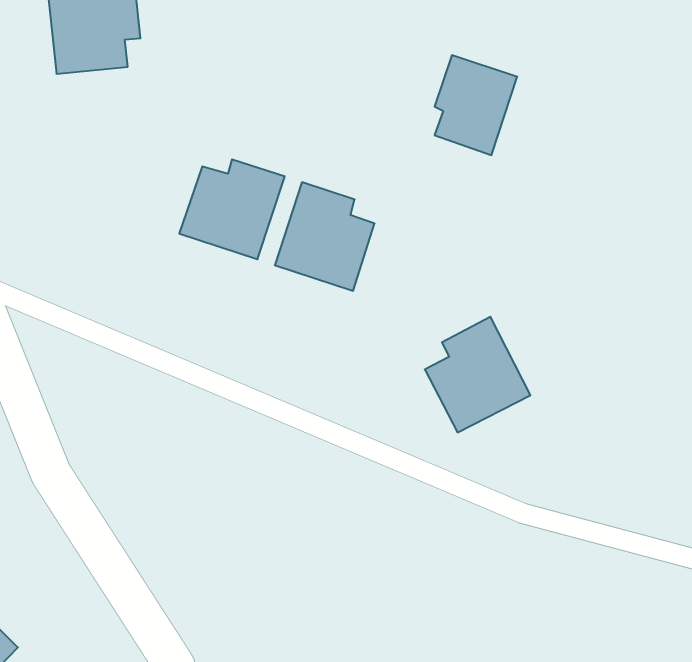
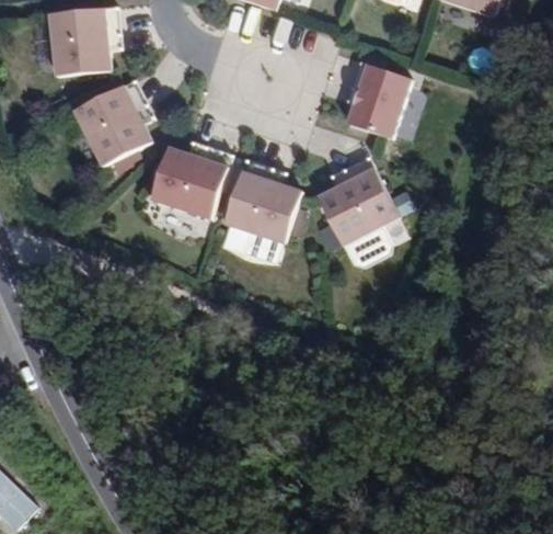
building: none -> [72,79,152,166]
building: [425,317,530,432] -> [315,156,396,245]

